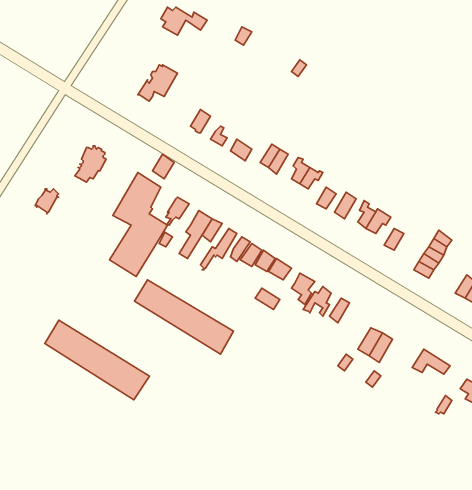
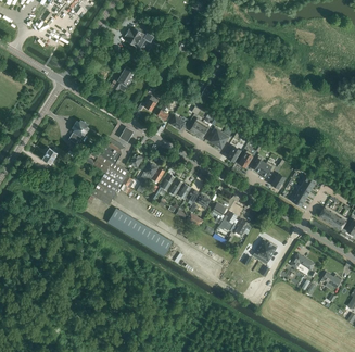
building: [45,320,150,400] -> none

